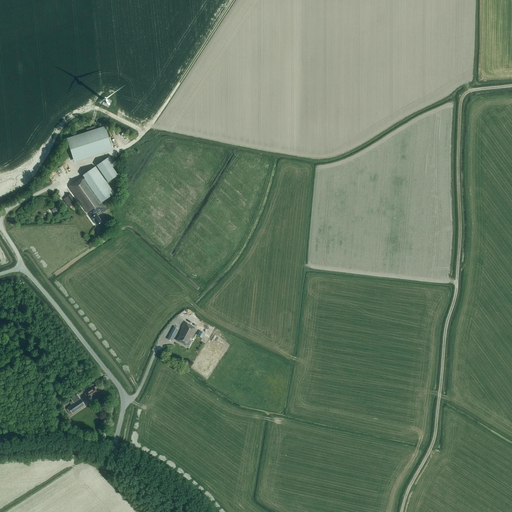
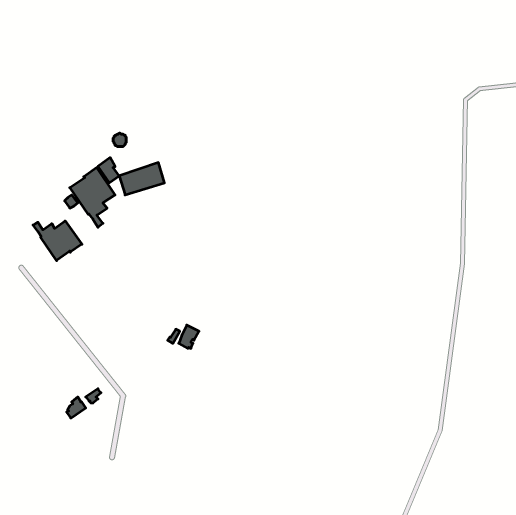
building: [67,127,112,159] -> [119,163,164,195]
building: none -> [33,221,82,261]

